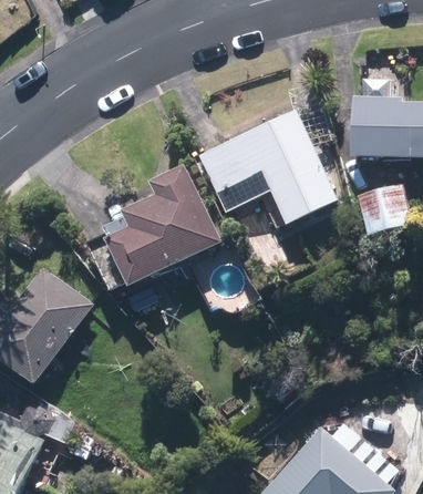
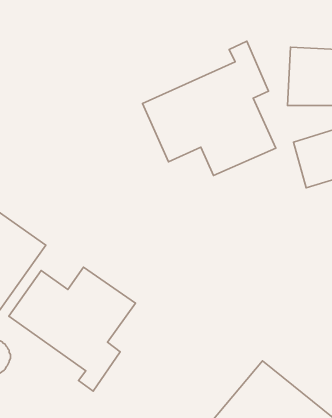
building: [86,162,223,289] -> none
building: none -> [9,267,136,391]

